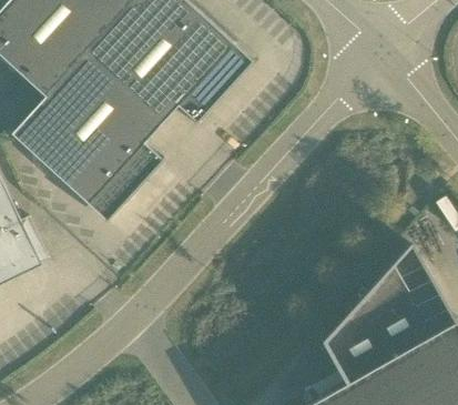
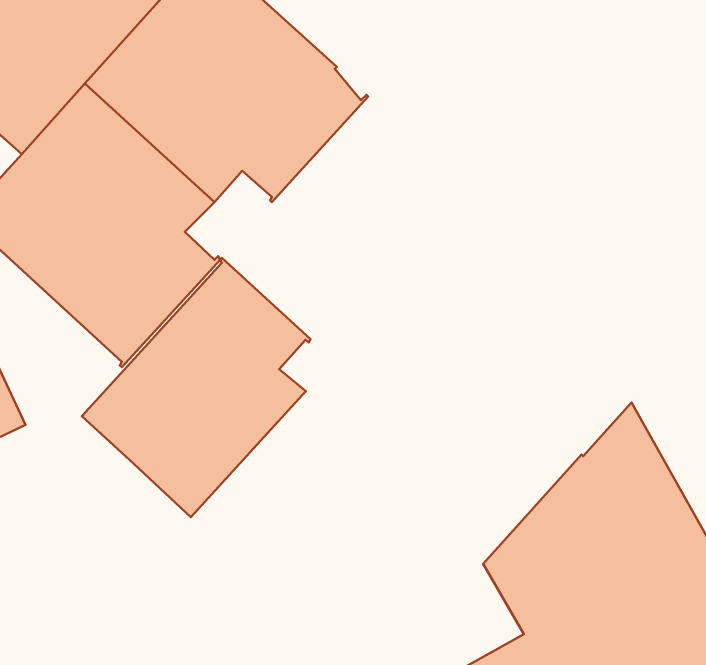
building: none -> [82,258,310,517]

